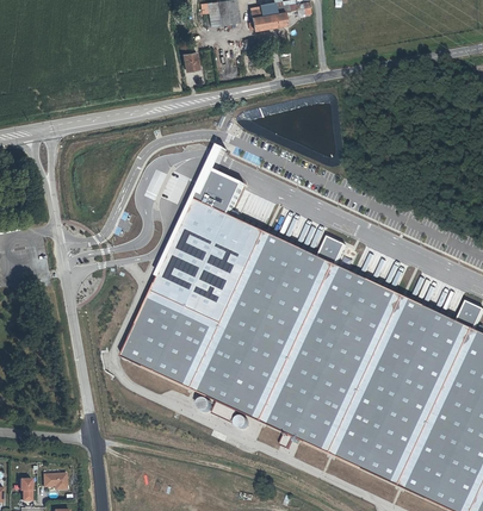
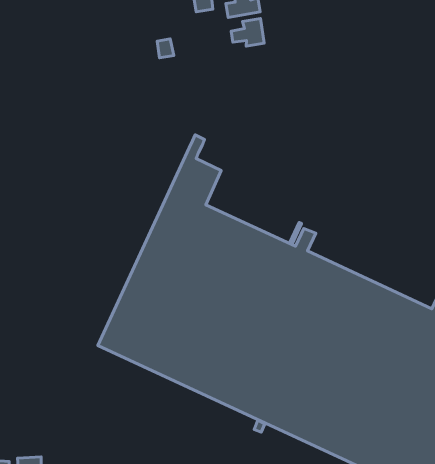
building: none -> [231,18,264,46]

